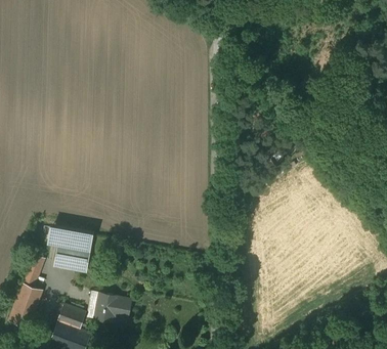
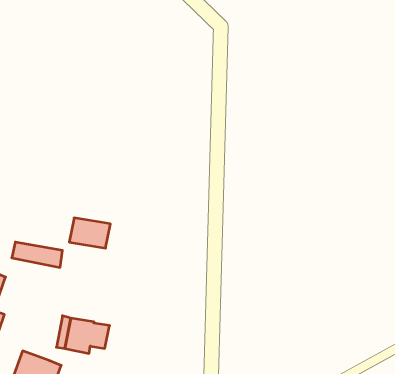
building: [55,245,90,270] -> [69,218,110,248]
building: [58,303,86,328] -> none

